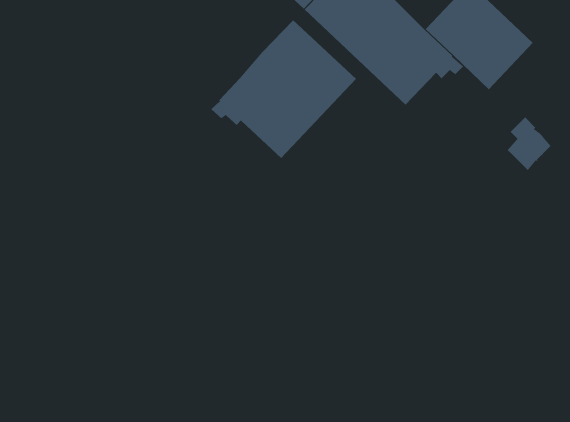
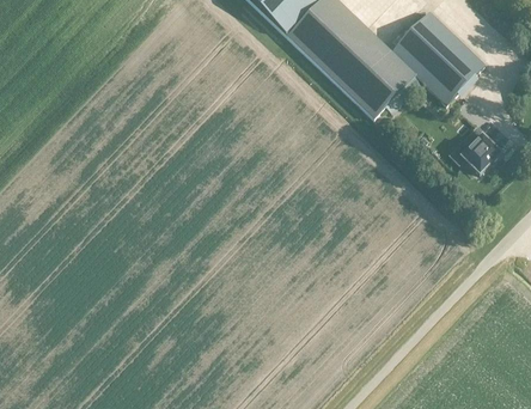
building: [211,20,357,159] -> none

